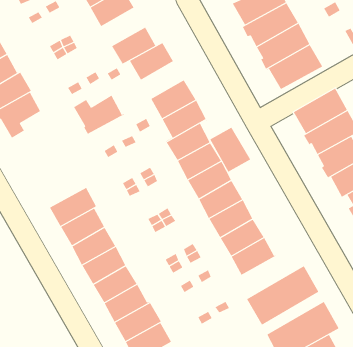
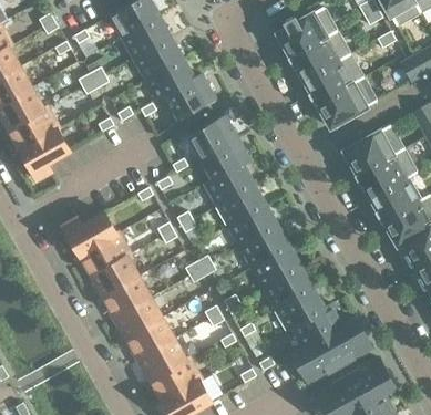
building: none -> [134,37,183,79]
building: [73,95,125,135] -> [62,211,119,255]
building: [210,127,255,172] -> none
building: none -> [287,303,356,354]

